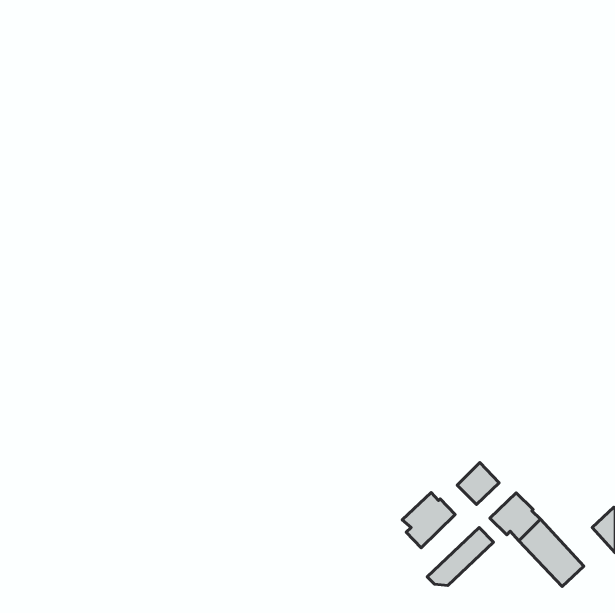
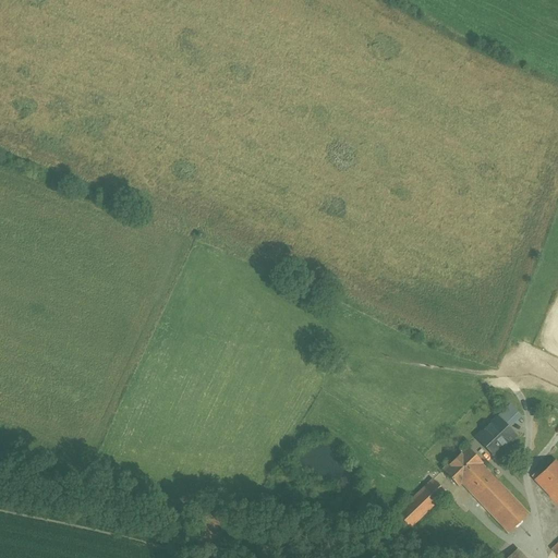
building: [457,462,499,505] -> [477,416,515,454]
building: [402,493,455,548] -> none

